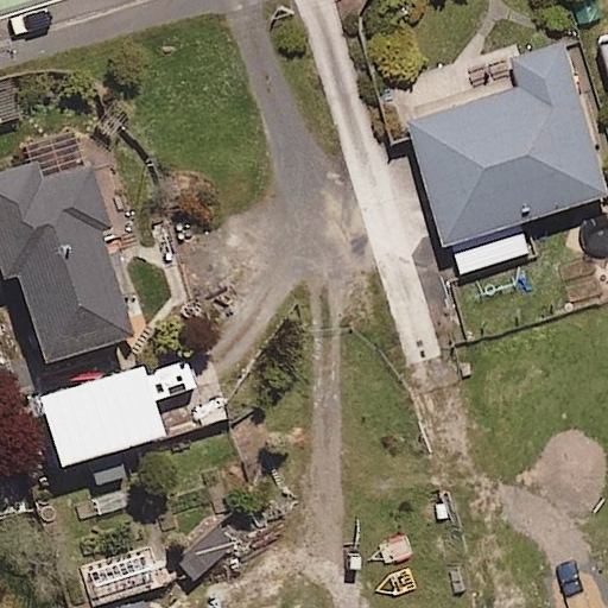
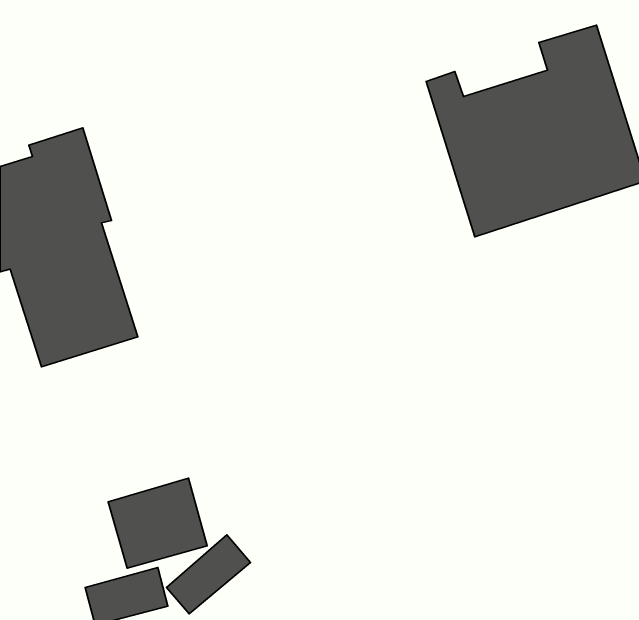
building: [26,392,120,477] -> [108,478,207,568]

